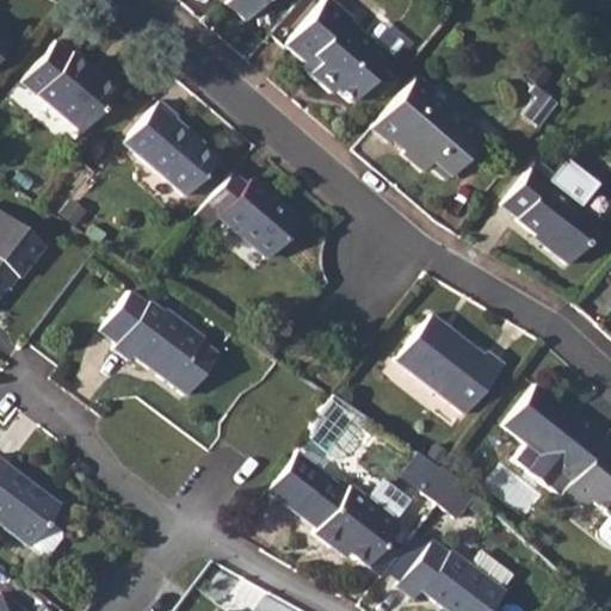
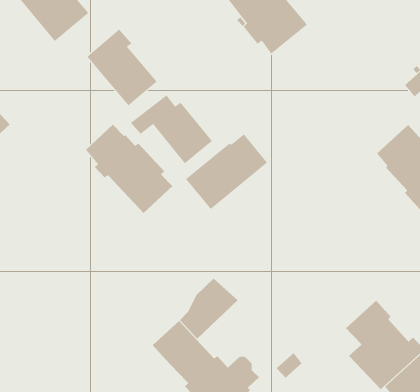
building: [375,78,485,181] -> none
building: none -> [185,134,268,210]
building: [101,290,218,395] -> [85,124,173,214]
building: [397,314,505,415] -> none

